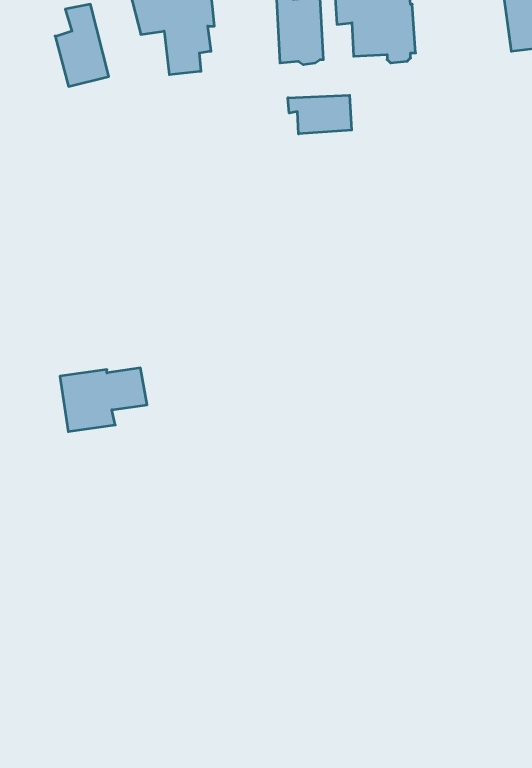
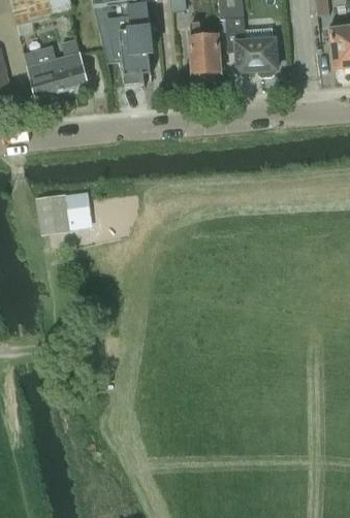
building: none -> [25,45,62,98]
building: [288,95,352,134] -> none
building: [60,368,147,432] -> [35,192,89,231]

